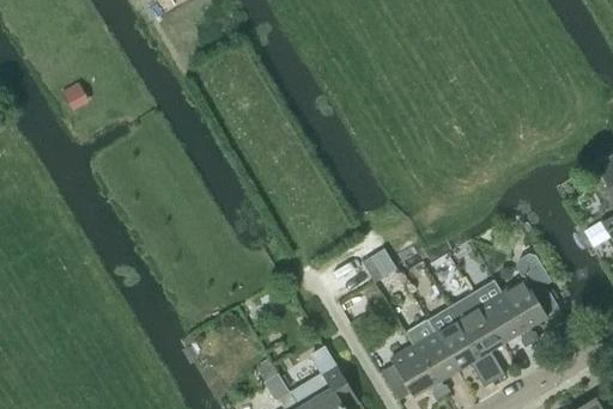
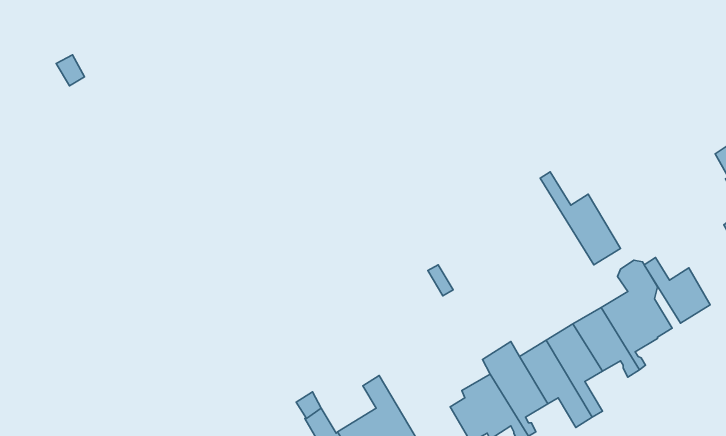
building: none -> [540,172,620,265]
building: none -> [644,258,710,323]

